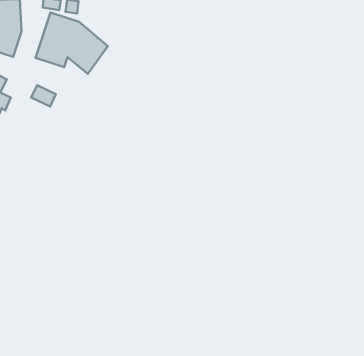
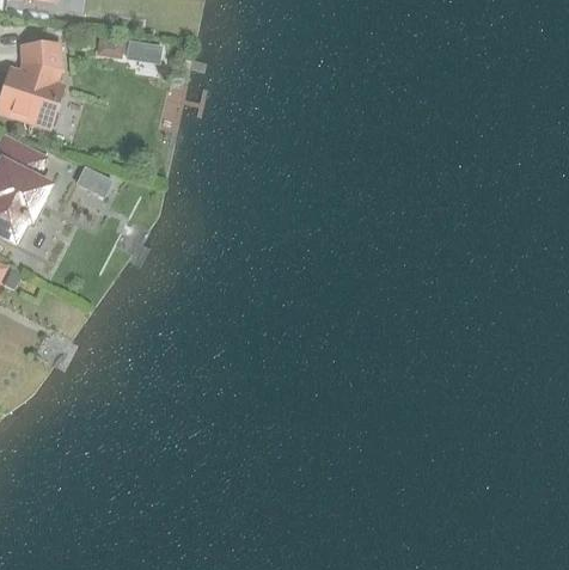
building: [35,13,108,74] -> none

